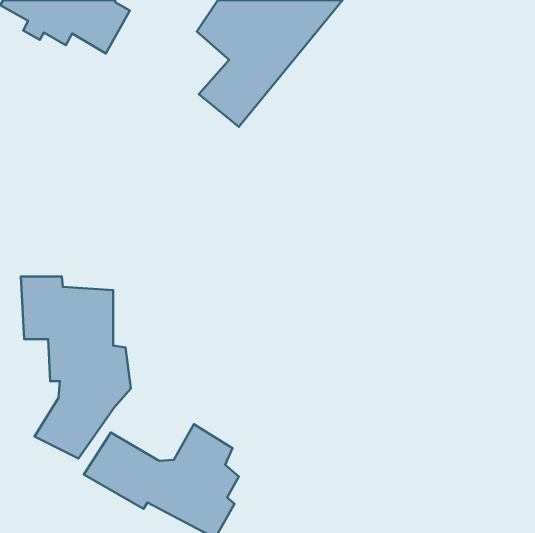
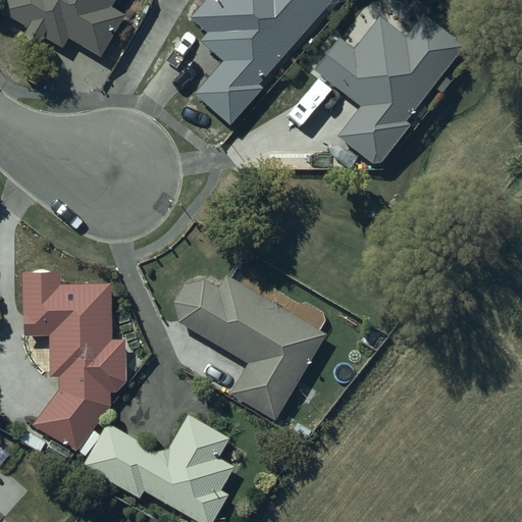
building: none -> [314,10,465,159]
building: none -> [172,274,327,422]

